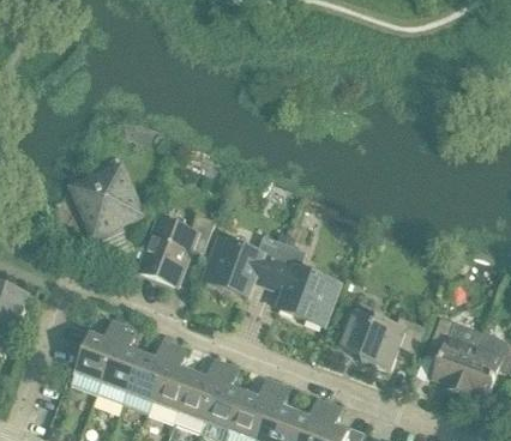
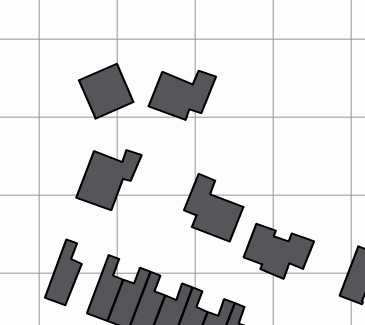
building: [73,167,140,234] -> [79,64,134,119]
building: [203,236,285,296] -> [148,71,216,120]
building: [431,316,481,392] -> none
building: [71,319,124,394] -> none
building: [122,338,175,413] -> none

